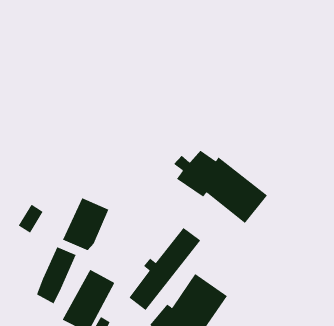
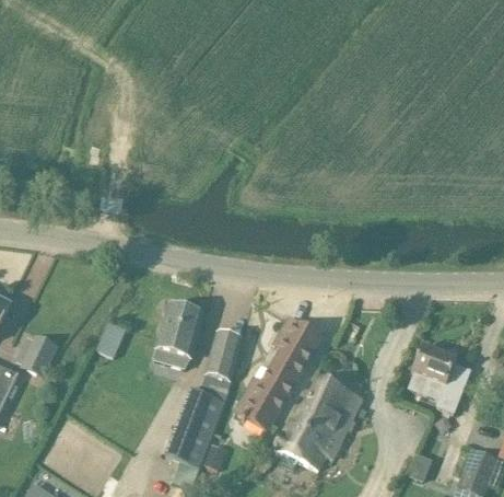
building: [173,150,268,224] -> none
building: [36,247,76,304] -> [201,331,243,401]
building: none -> [409,345,470,411]

